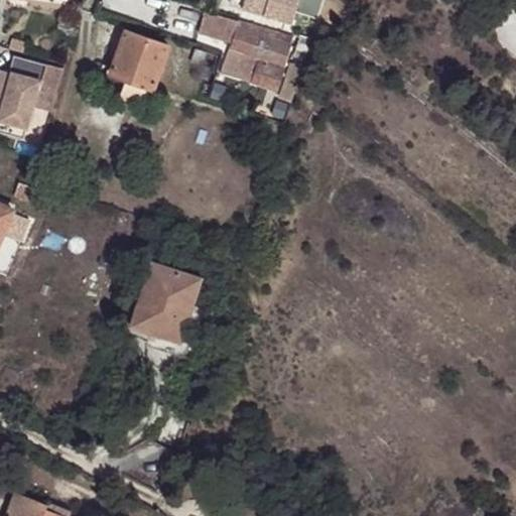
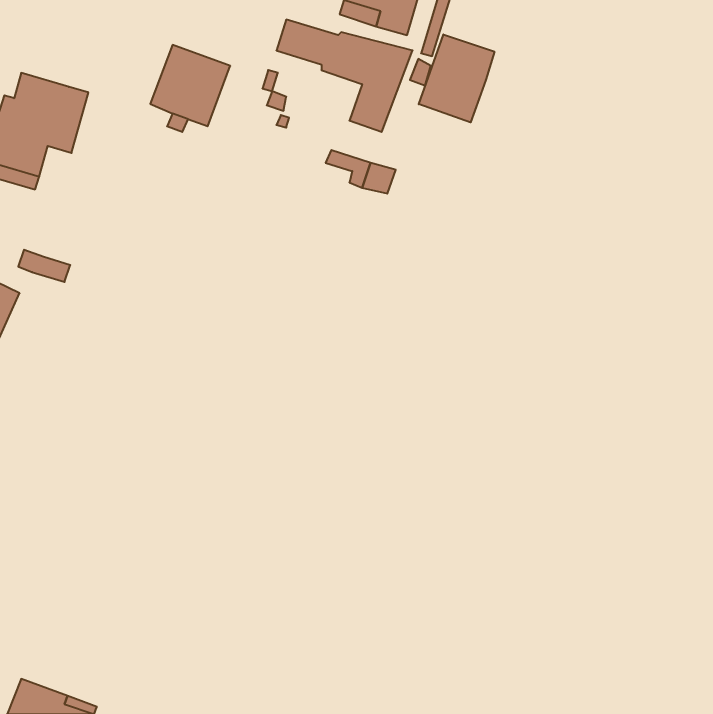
building: none -> [419,34,494,122]
building: [223,50,260,87] -> none
building: [127,259,201,343] -> none

